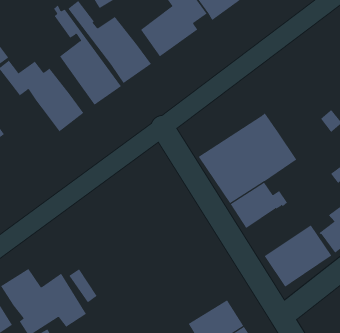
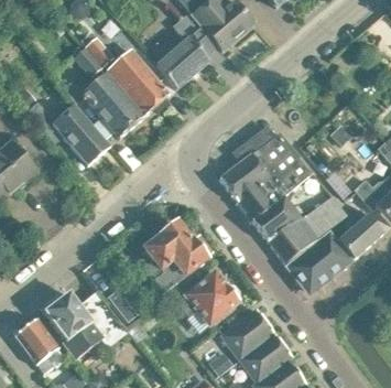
building: none -> [269,194,348,262]
building: none -> [142,220,211,293]
building: none -> [178,270,239,323]

